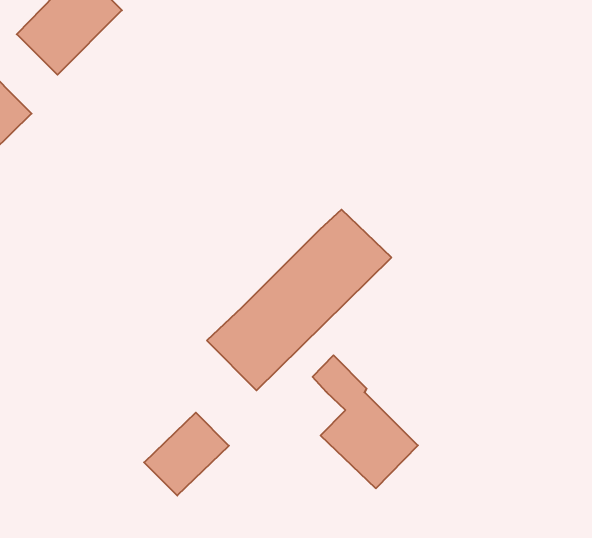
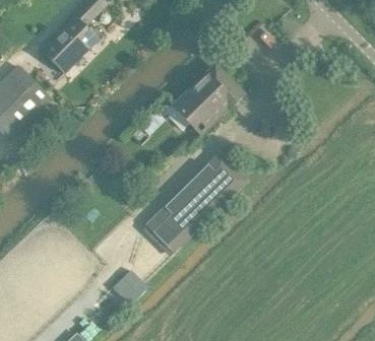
building: none -> [173,66,242,131]
building: [313,355,418,488] -> none

